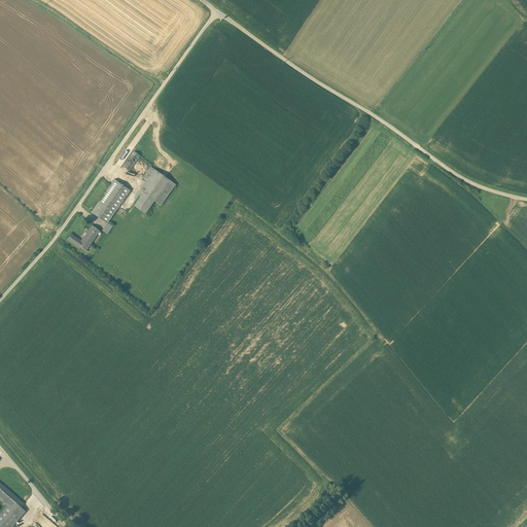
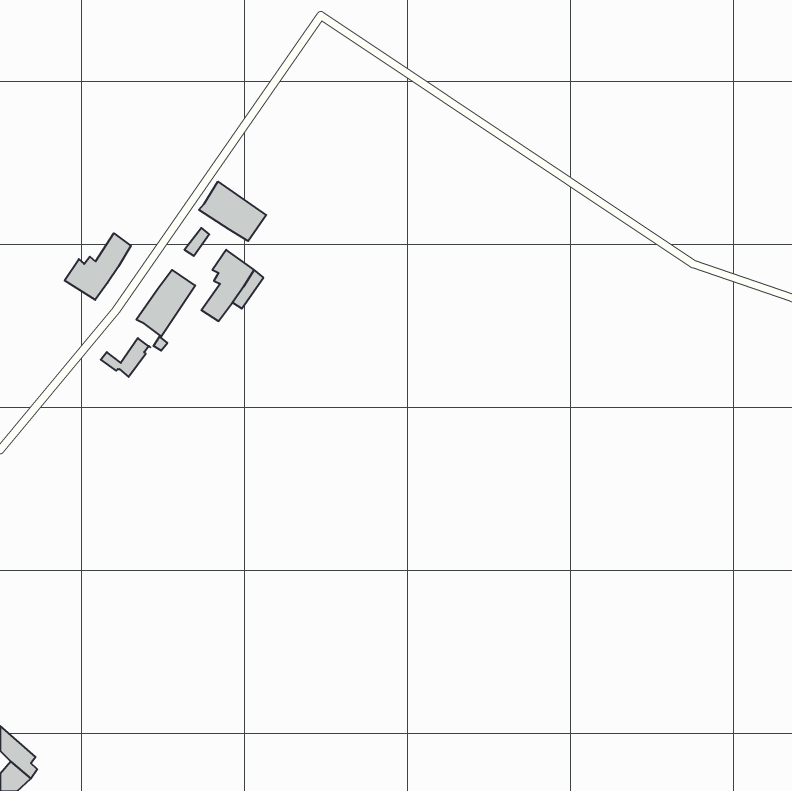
building: none -> [199,182,266,241]
building: none -> [65,233,131,300]

